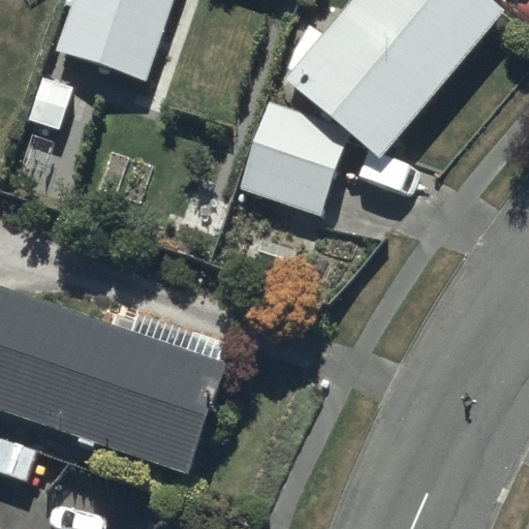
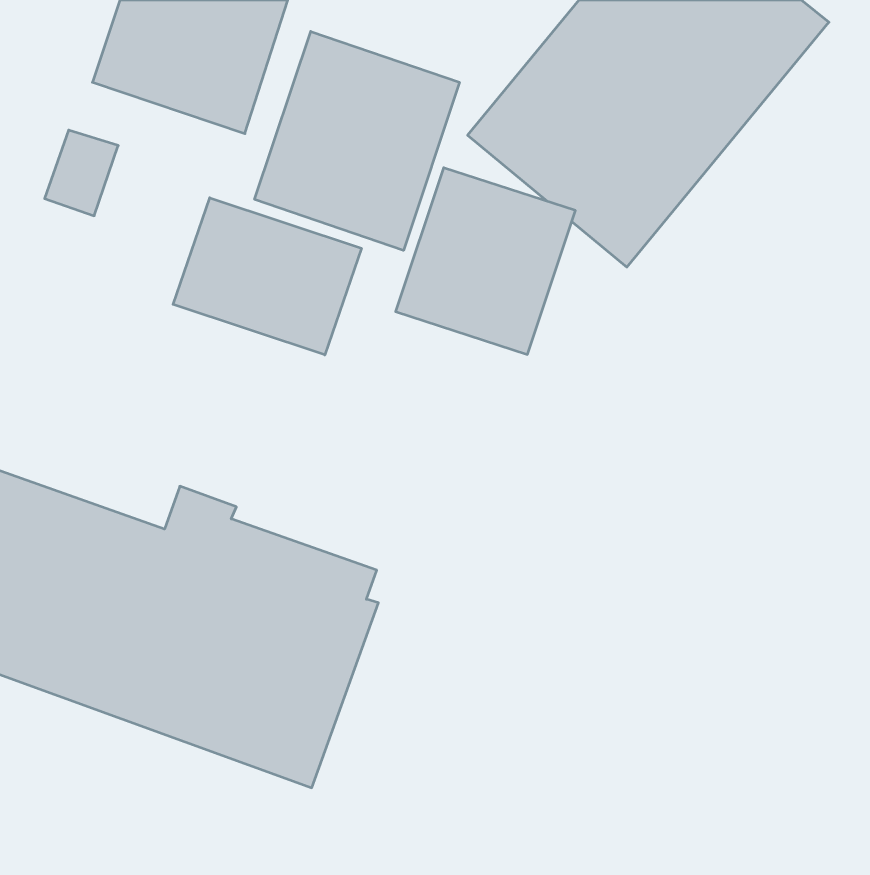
building: none -> [255,31,459,250]
building: none -> [173,198,361,355]

